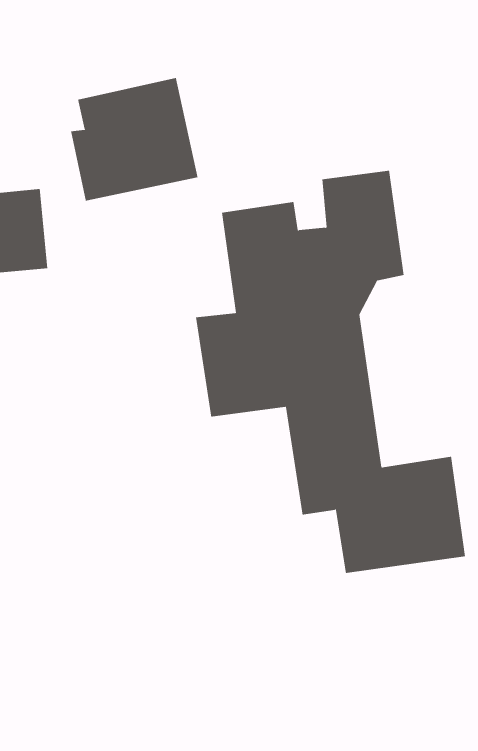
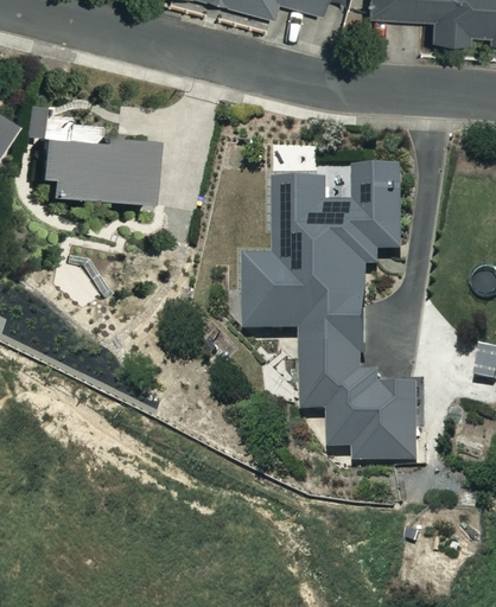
building: [70,77,198,201] -> none

